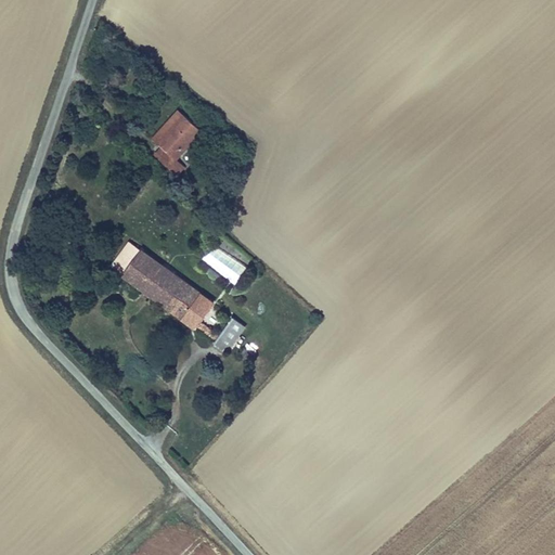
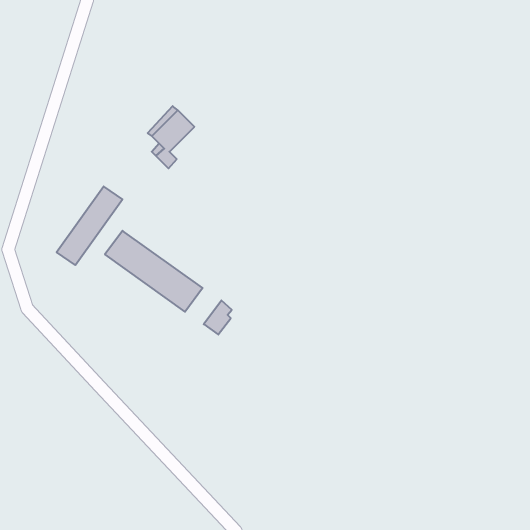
building: none -> [57,186,122,265]
building: [199,246,245,283] -> none

